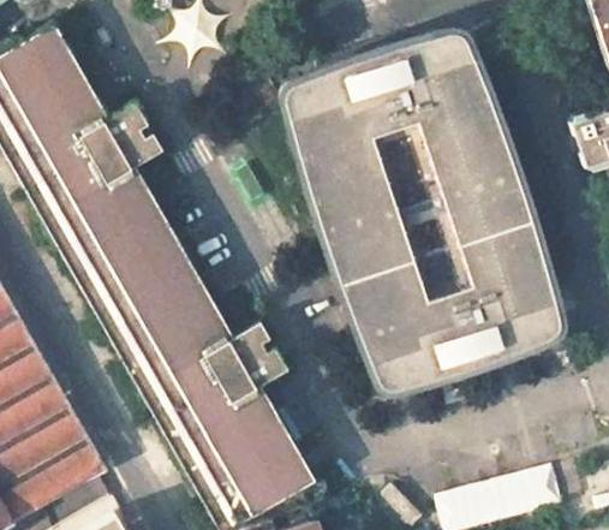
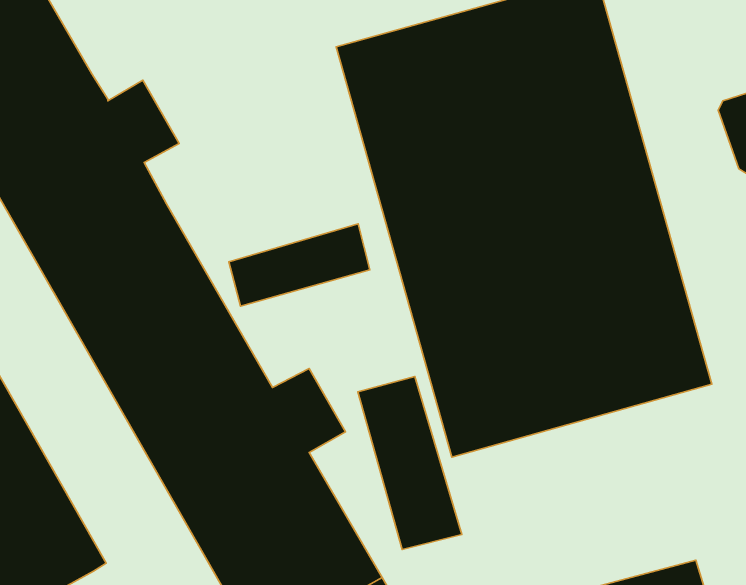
building: none -> [229,224,370,306]
building: none -> [358,376,462,549]

